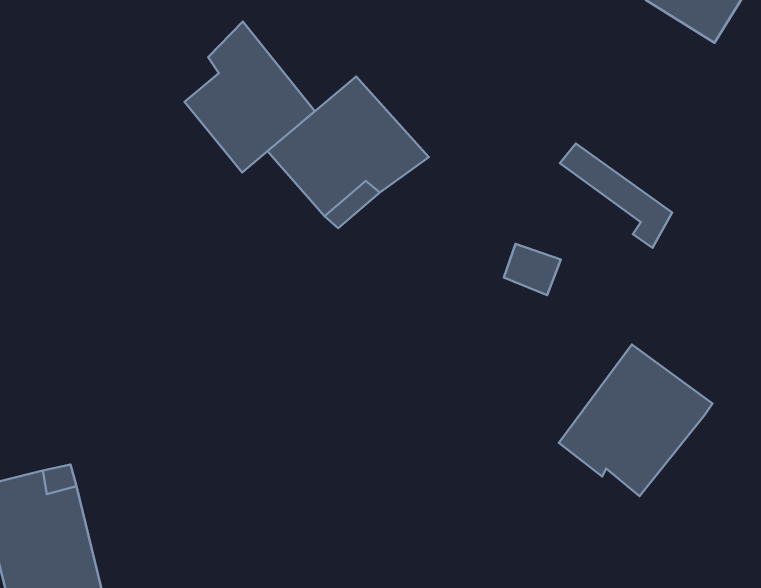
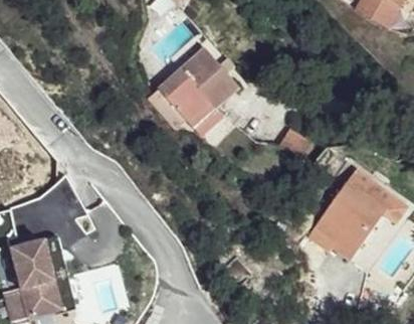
building: [184,21,315,173] -> none
building: [560,143,672,248] -> [345,172,402,225]

